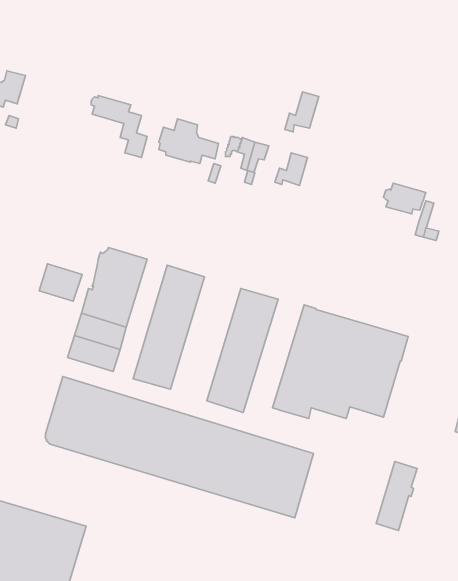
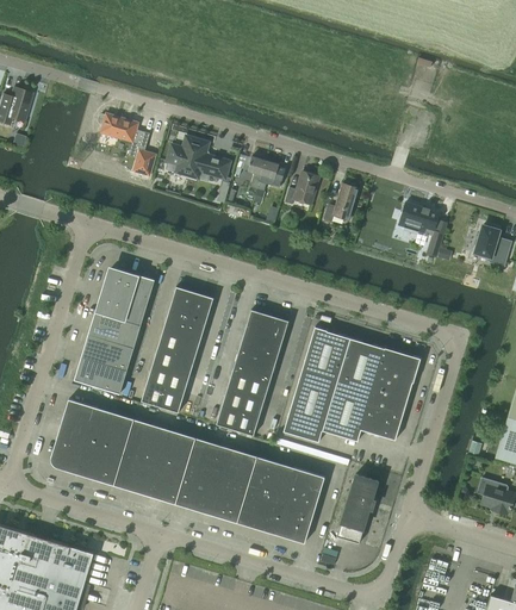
building: [285,92,319,132] -> [323,182,358,223]
building: [39,264,82,301] -> none
building: [376,461,417,531] -> [336,474,378,544]

